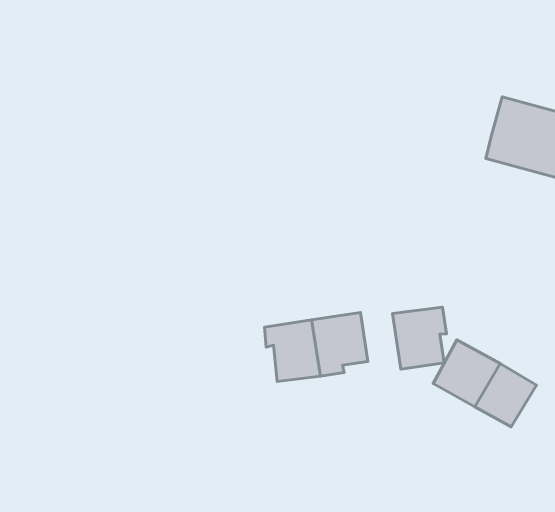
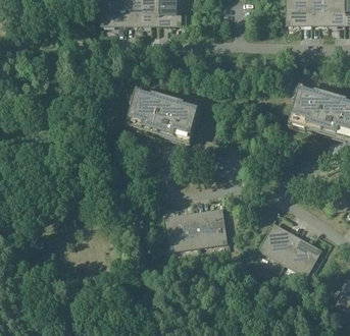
building: none -> [128,92,197,143]
building: [393,307,446,369] -> none

